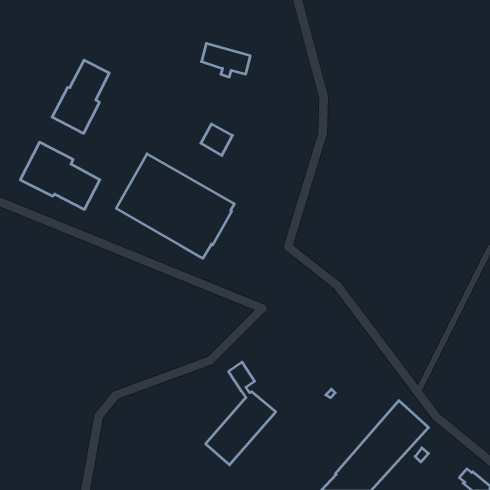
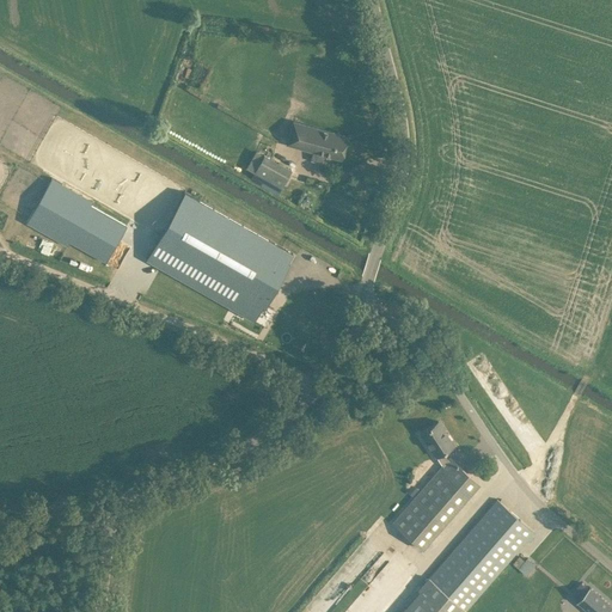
building: [201,43,250,77] -> [286,122,347,164]
building: [52,60,109,133] -> none
building: [206,362,276,465] -> [391,422,478,550]

